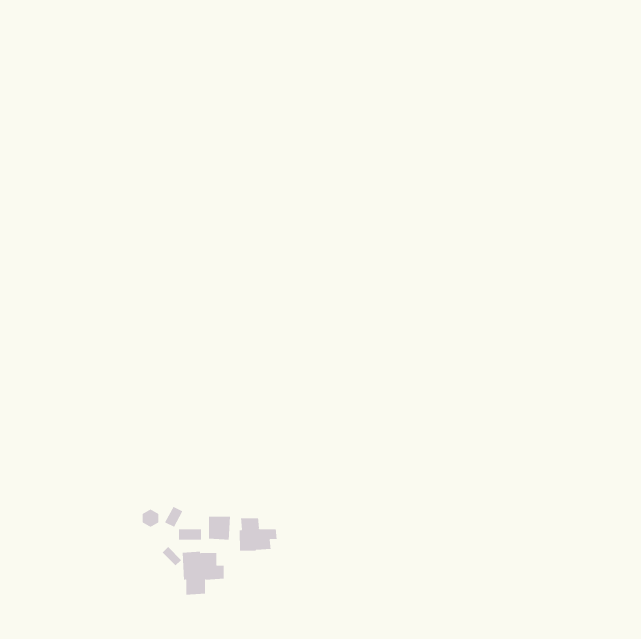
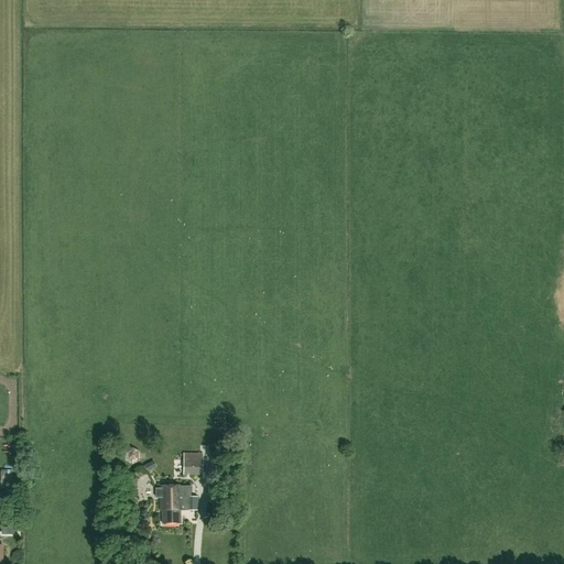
building: [239,518,277,551] -> none

